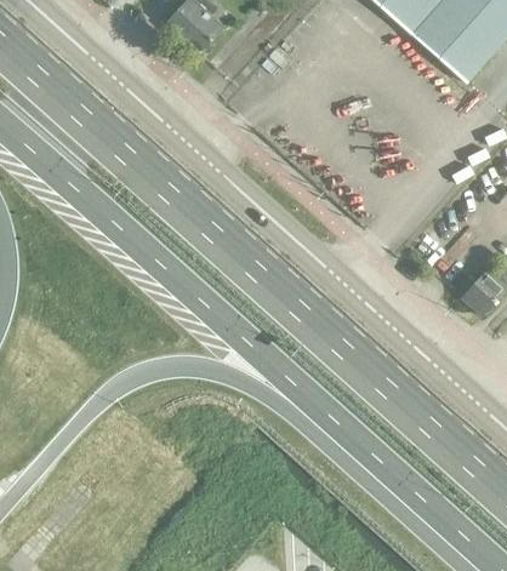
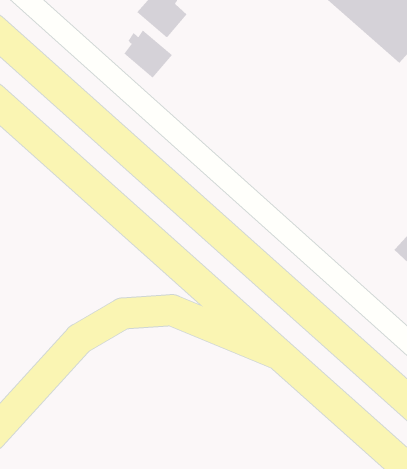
building: none -> [123,30,173,78]

